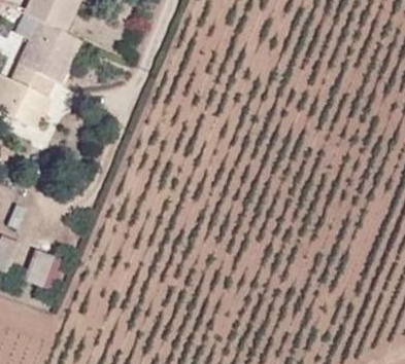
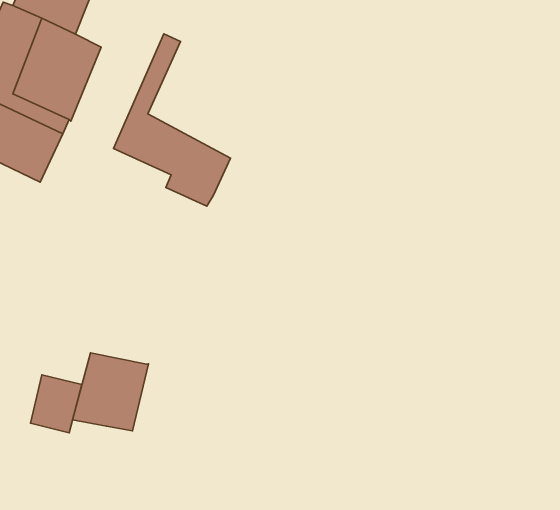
building: none -> [113,34,230,206]
building: none -> [73,353,149,431]

